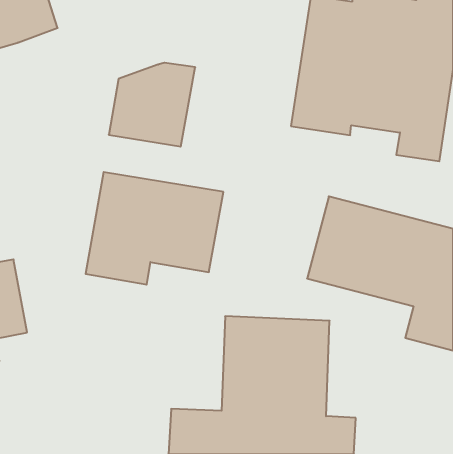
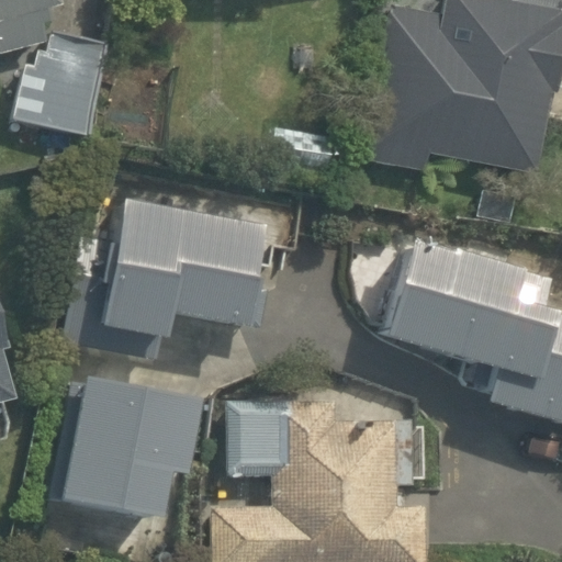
building: [109,63,195,147] -> [10,32,115,134]
building: none -> [57,361,204,530]

